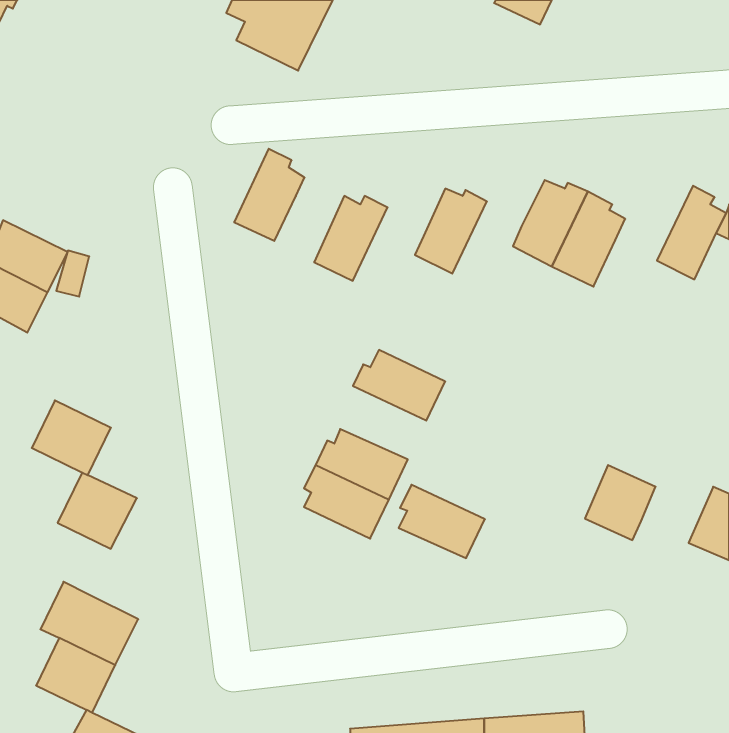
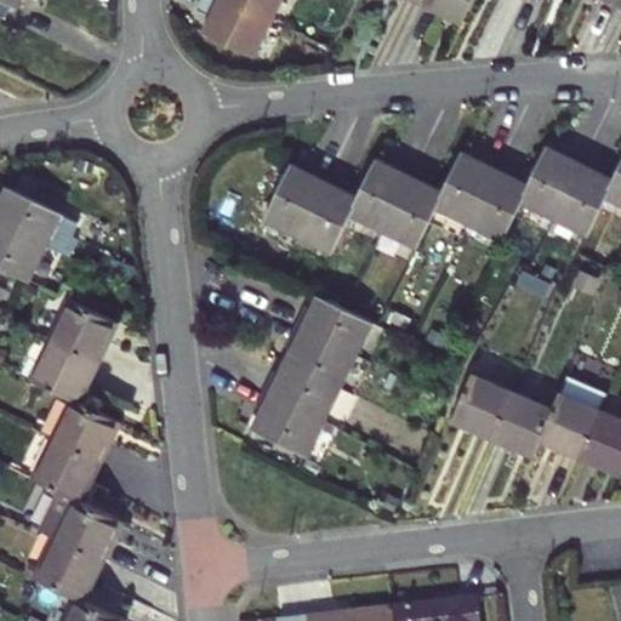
building: [234,149,305,241] -> [297,177,357,255]
building: none -> [518,149,583,222]
building: none -> [381,172,439,250]
building: none -> [46,302,112,363]
building: none -> [455,377,512,439]
building: none -> [540,380,606,460]
building: [399,485,485,558] -> [286,327,359,389]
building: none -> [29,443,93,503]

